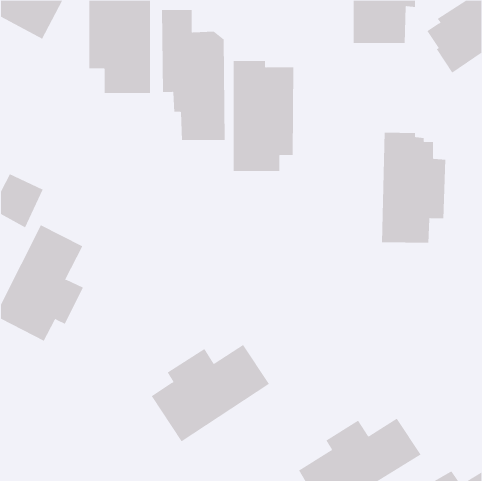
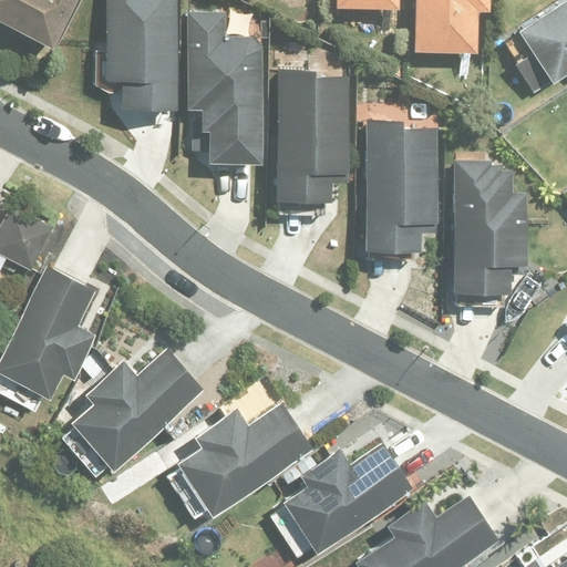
building: none -> [365,123,439,254]
building: none -> [72,349,203,472]
building: none -> [269,443,415,560]

